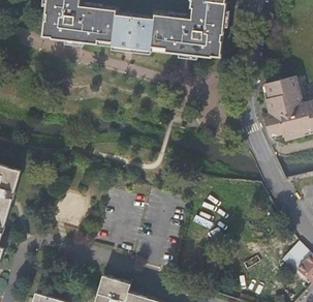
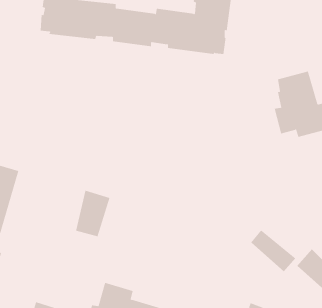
building: none -> [75,190,110,237]
building: none -> [250,230,296,272]

